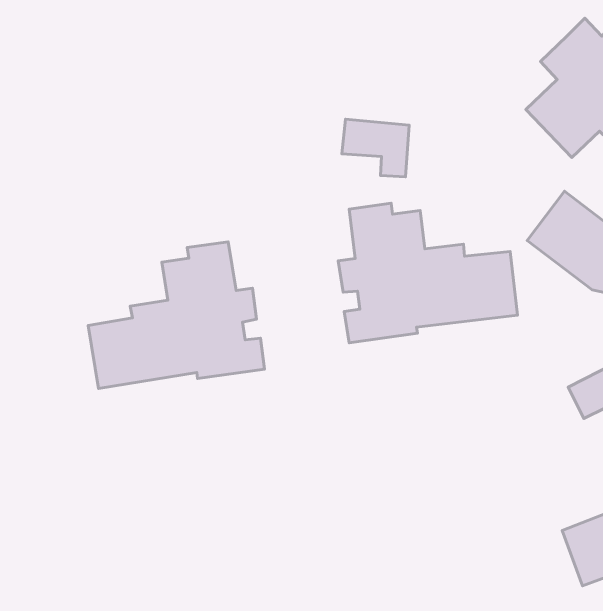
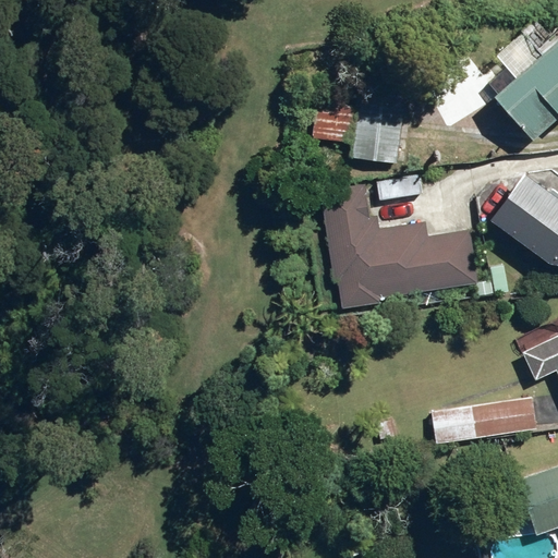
building: [88,242,265,388] -> none
building: none -> [436,398,542,439]

